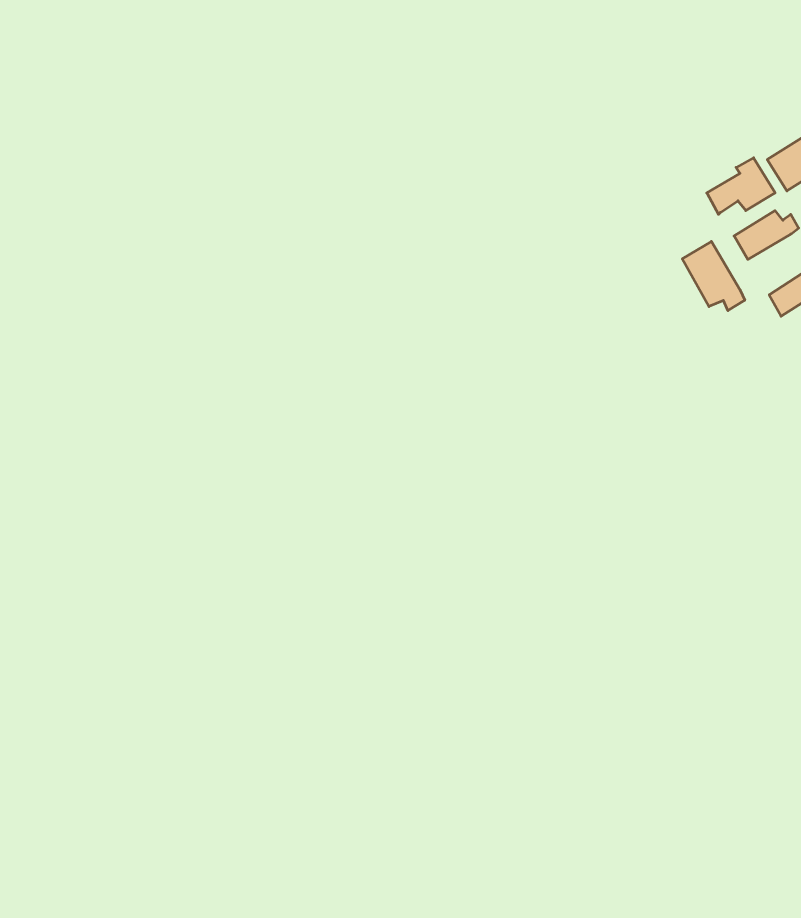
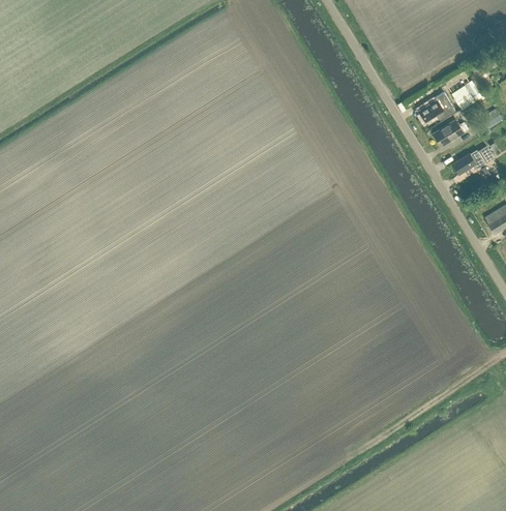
building: [682,241,745,311] -> none

